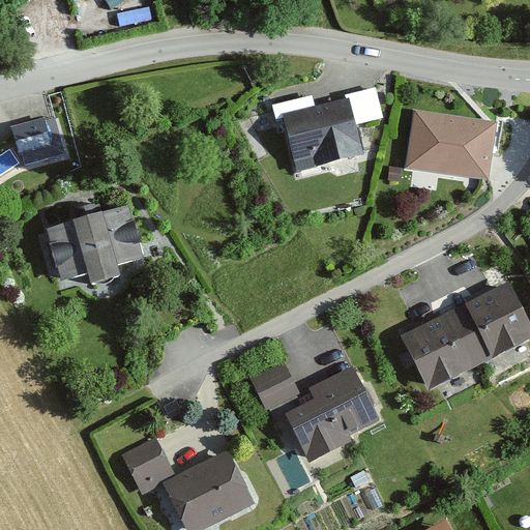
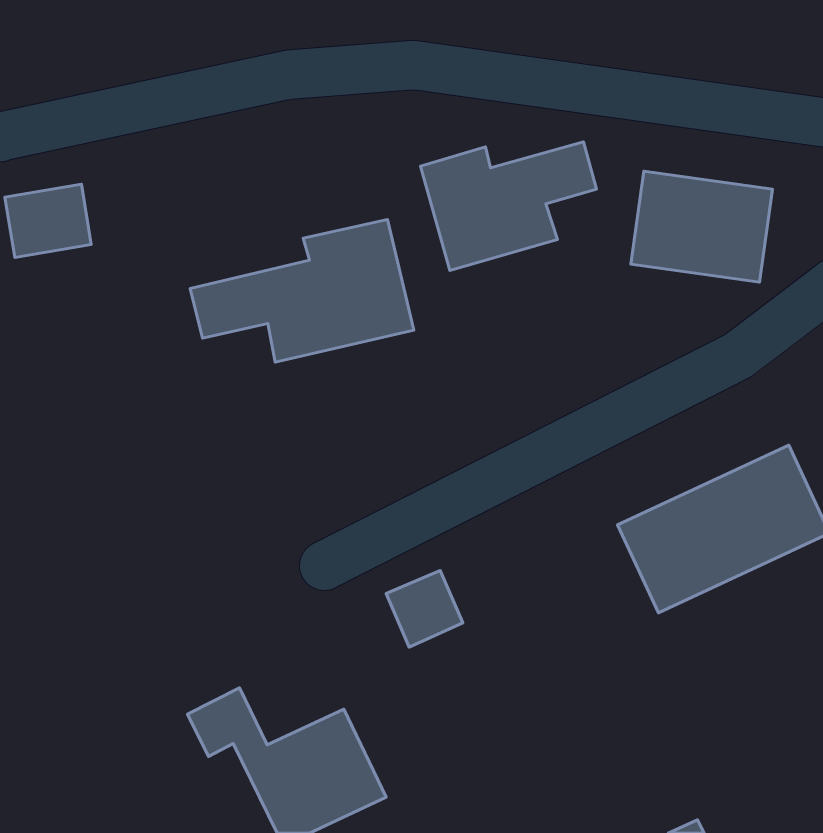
building: none -> [190,220,414,362]
building: [40,209,140,283] -> none
building: [285,365,383,463] -> none

